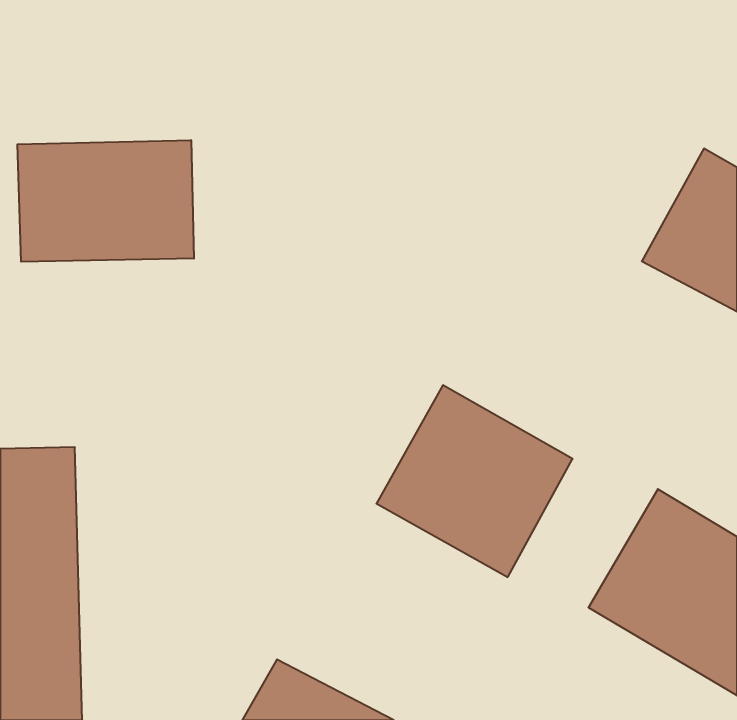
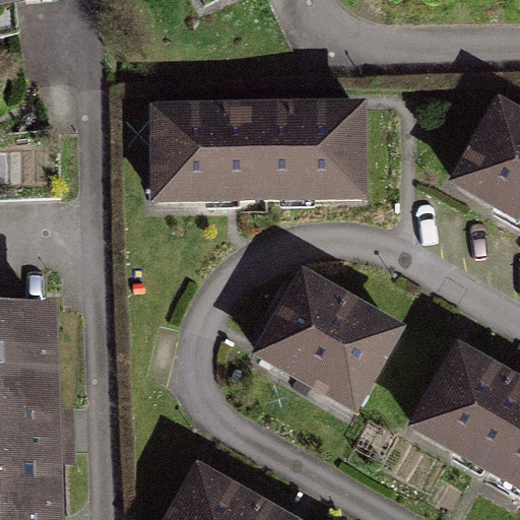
building: [17,140,194,262] -> none
building: none -> [157,105,371,197]

